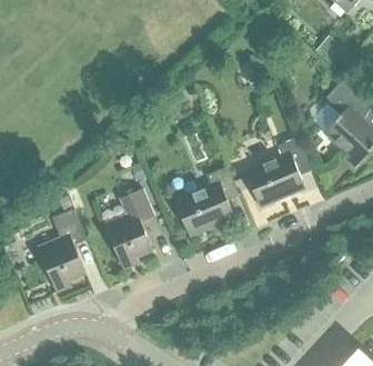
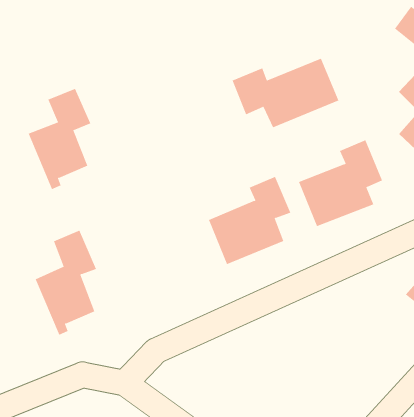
building: none -> [232,58,339,128]
building: [104,189,154,269] -> [28,88,91,190]

